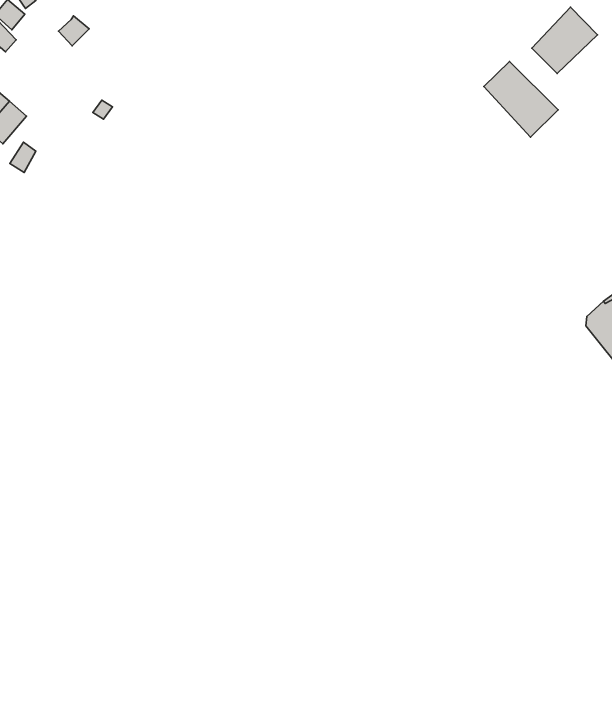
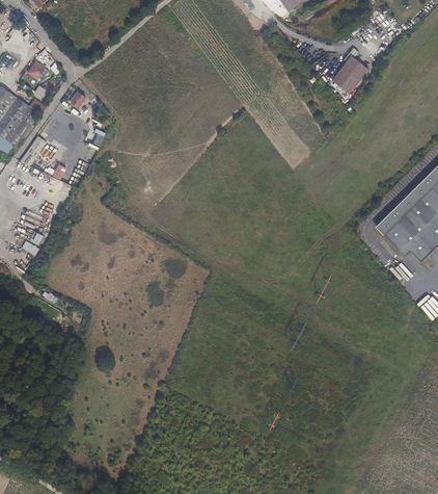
building: [484,61,558,137] -> none

